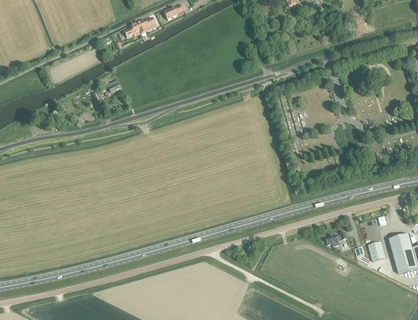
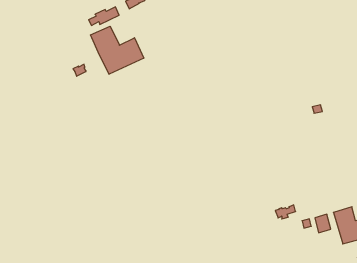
building: none -> [90,26,144,74]

